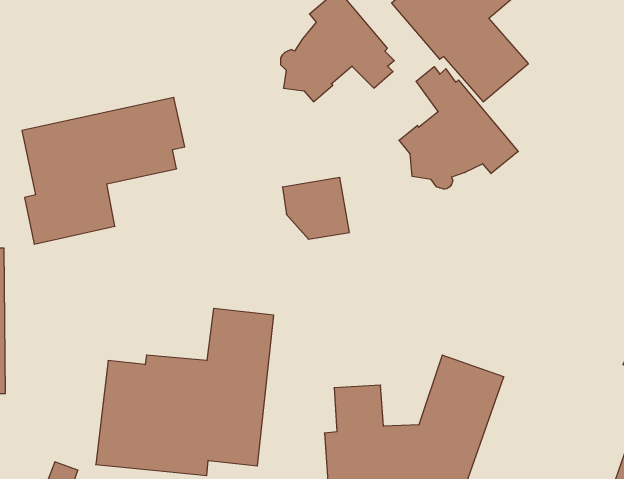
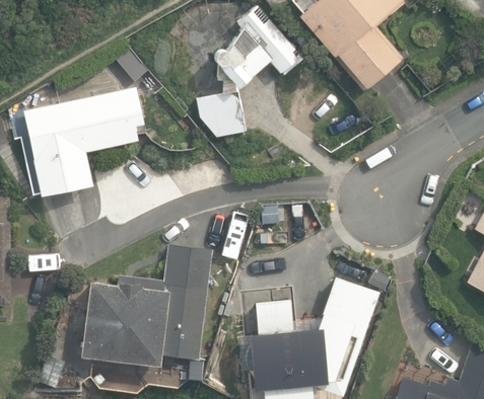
building: [399,67,518,189] -> none
building: [282,178,349,239] -> [197,91,247,137]

